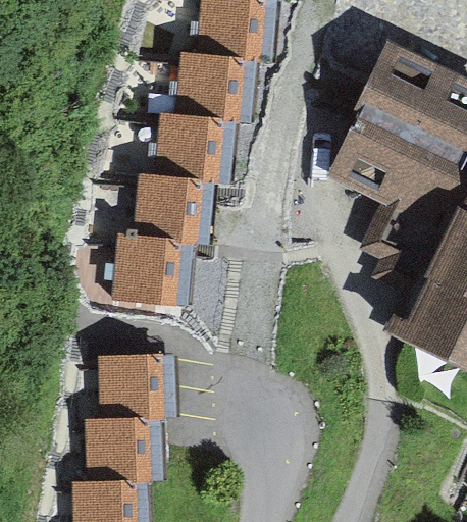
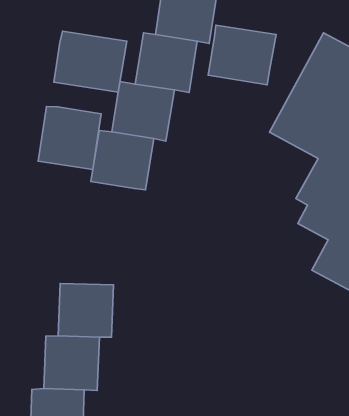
building: none -> [208,25,276,85]
building: none -> [54,31,127,92]
building: [111,236,183,307] -> [38,106,101,169]

